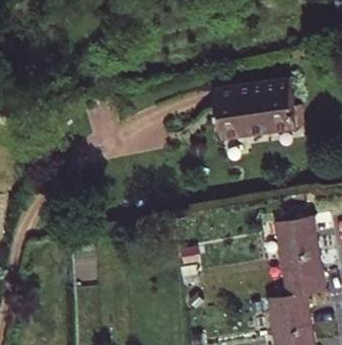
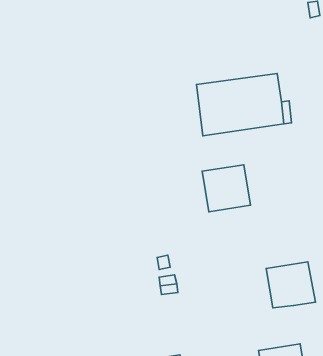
building: [274,217,319,261] -> [202,165,250,212]
building: [267,295,312,337] -> none

